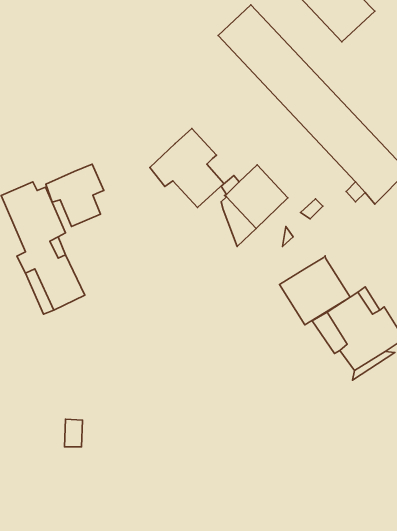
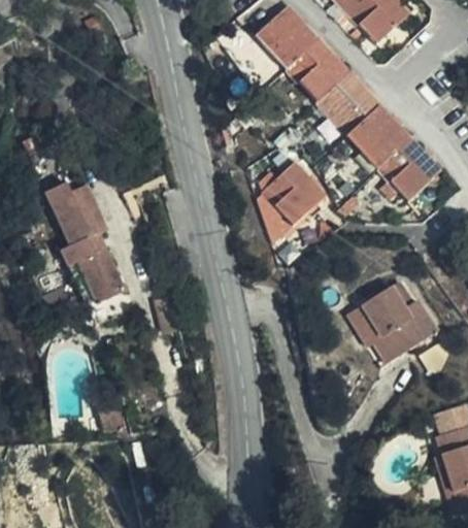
building: [150,129,224,208] -> none
building: [46,164,104,226] -> none
building: [280,256,350,325] -> none

